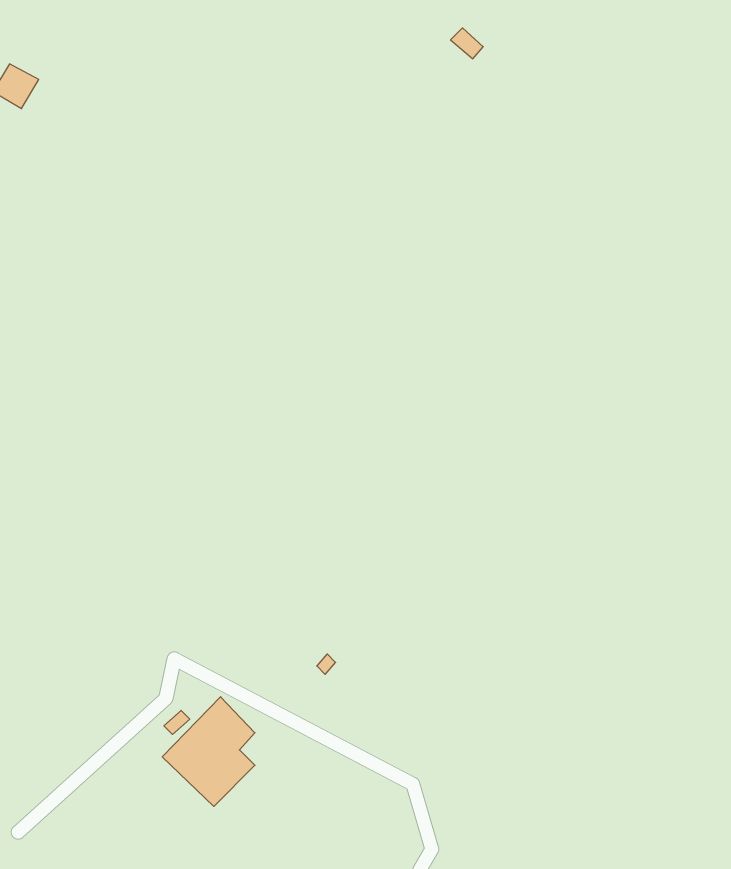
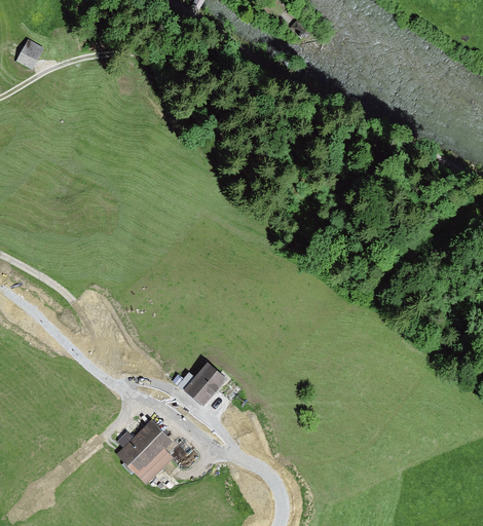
building: none -> [177,361,226,406]

